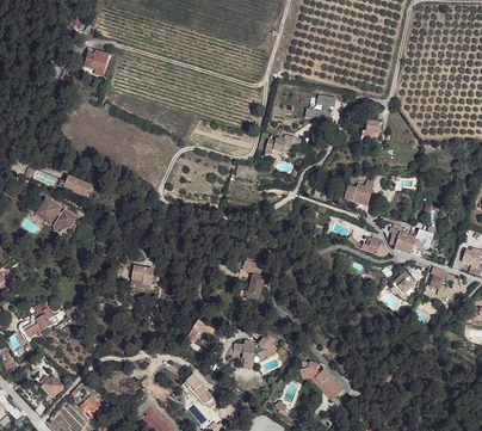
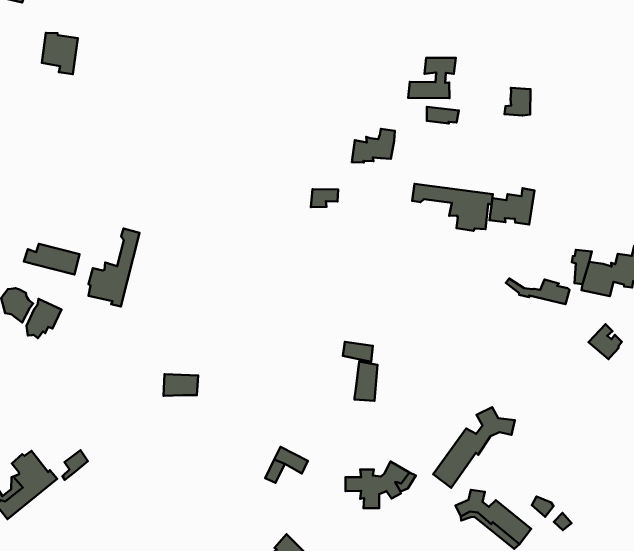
building: none -> [412,184,493,231]
building: none -> [88,229,139,306]
building: none -> [433,407,515,488]

